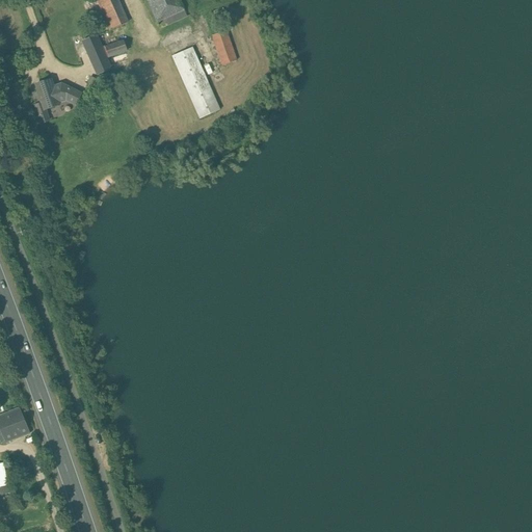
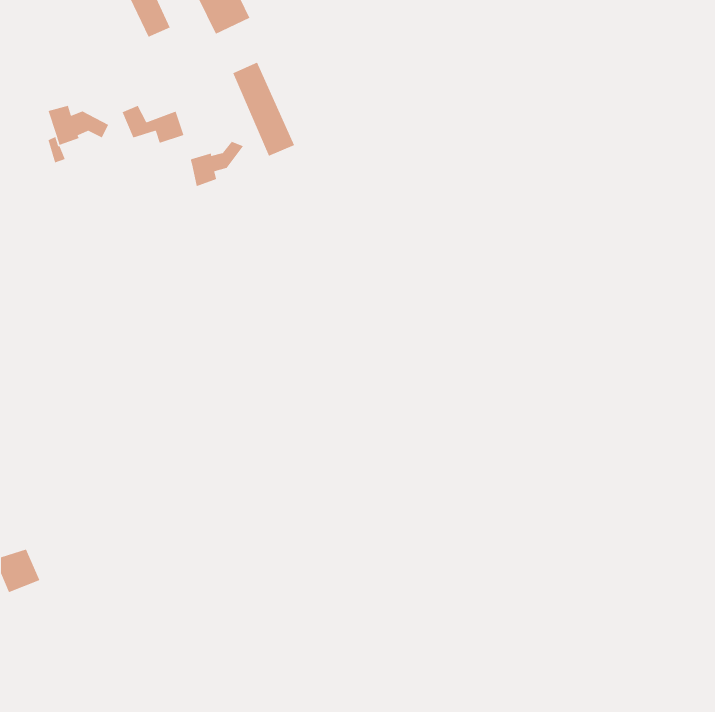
building: [211,28,238,69] -> none
building: [83,34,130,63] -> [121,105,184,144]
building: none -> [190,141,244,187]

